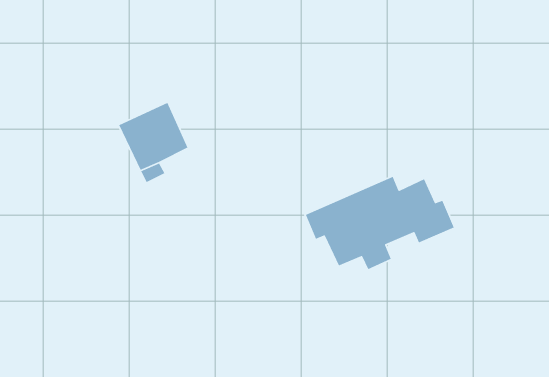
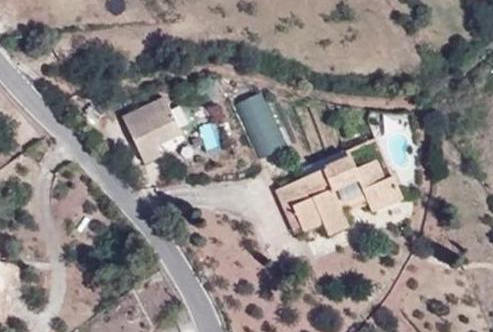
building: none -> [235,89,286,154]

